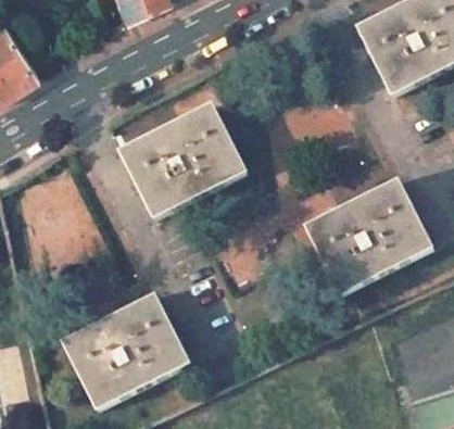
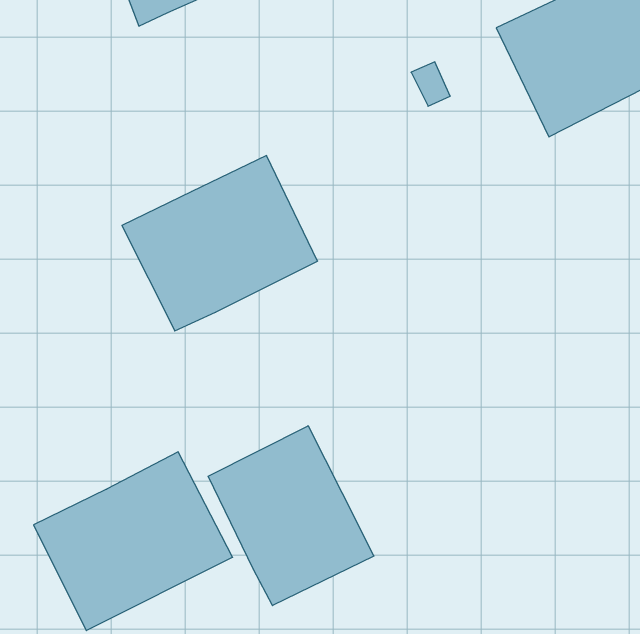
building: [305,178,431,290] -> none
building: none -> [208,426,374,606]

